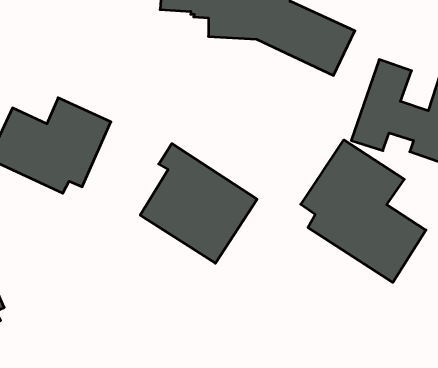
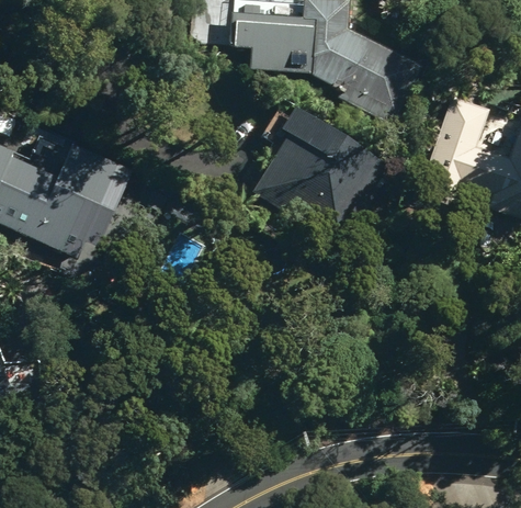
building: [301,140,426,282] -> none
building: [140,144,257,263] -> [253,103,392,245]

